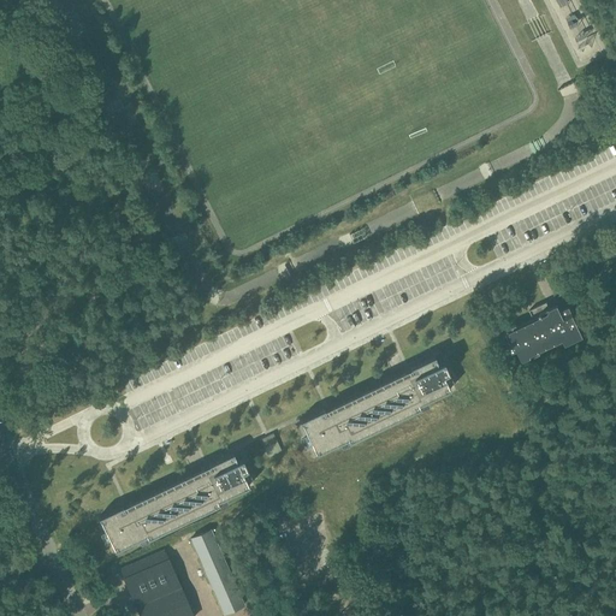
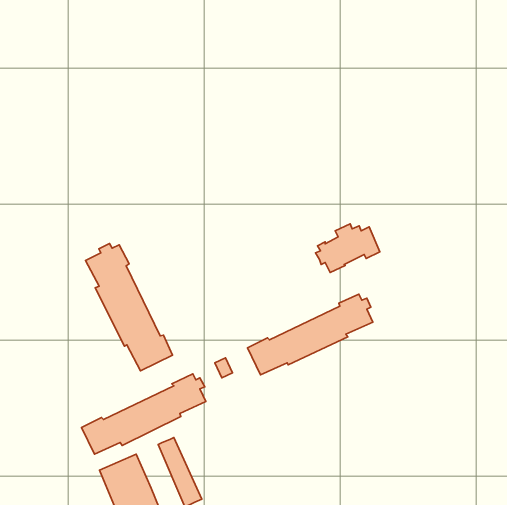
building: none -> [85,244,173,371]
building: [507,306,585,365] -> [315,224,380,273]

